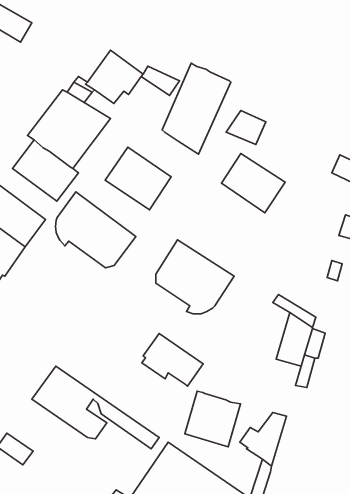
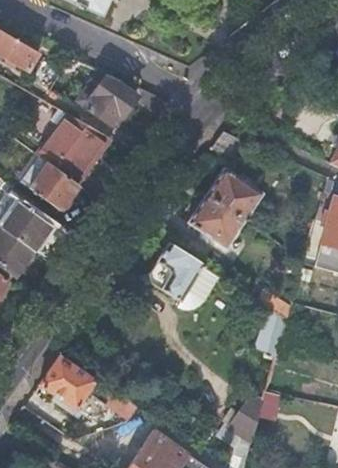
building: [162,63,231,154] -> none
building: [105,147,171,210] -> [187,194,245,249]
building: [56,192,136,268] -> none
building: [142,334,203,386] -> none
building: [185,391,240,447] -> none

